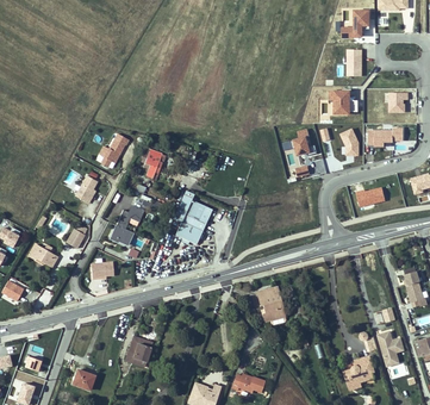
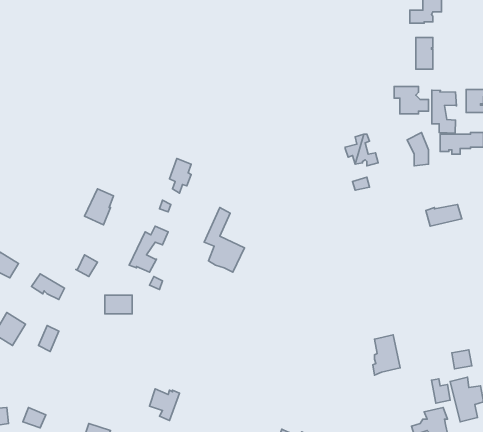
building: none -> [432,90,457,133]
building: [95,133,127,169] -> none
building: [262,288,285,322] -> [373,335,400,375]

